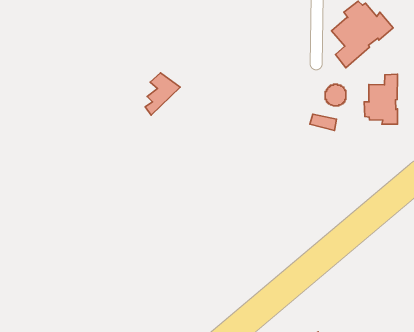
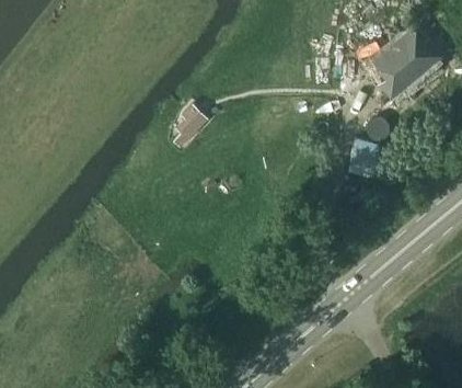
building: [364,74,398,124] -> none

